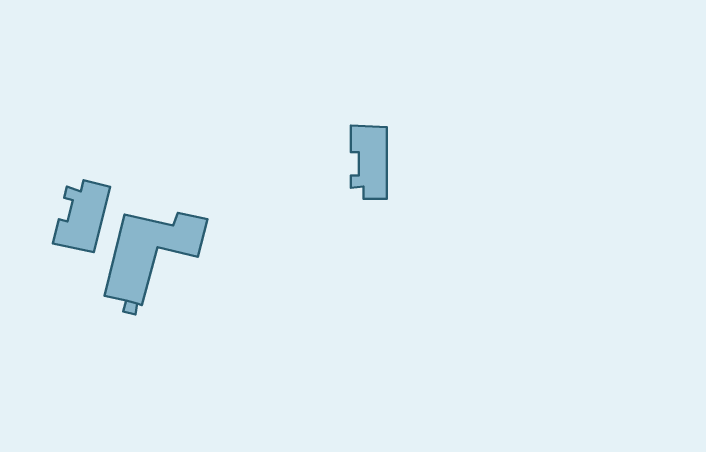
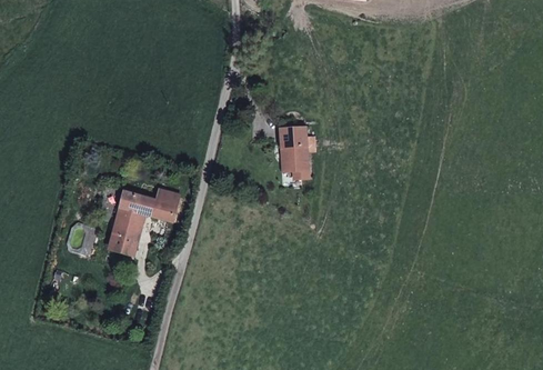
building: [53,180,110,252] -> none

